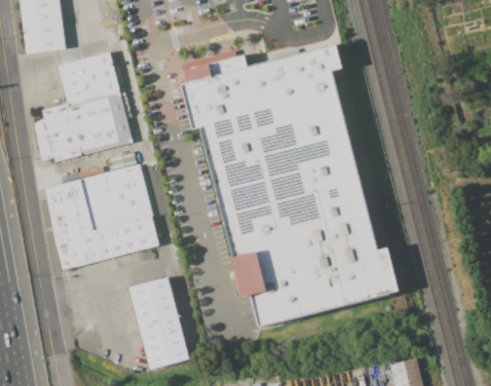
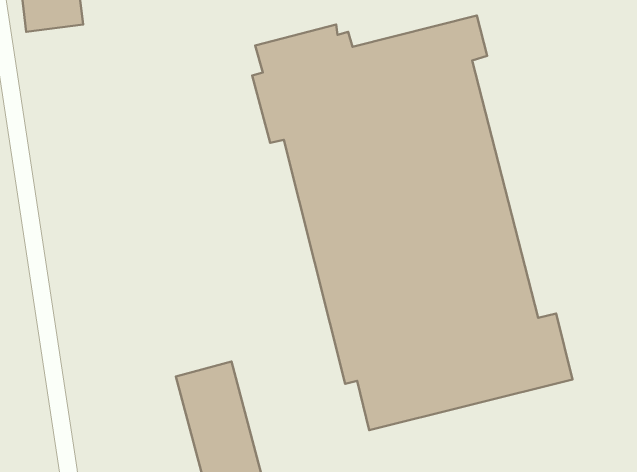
building: [34,51,135,162] -> none
building: [45,165,158,267] -> none

